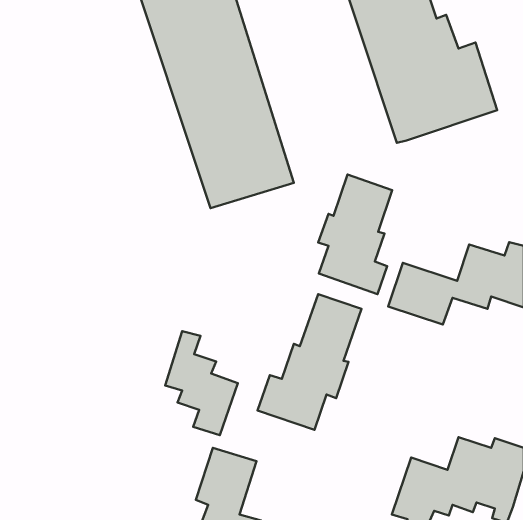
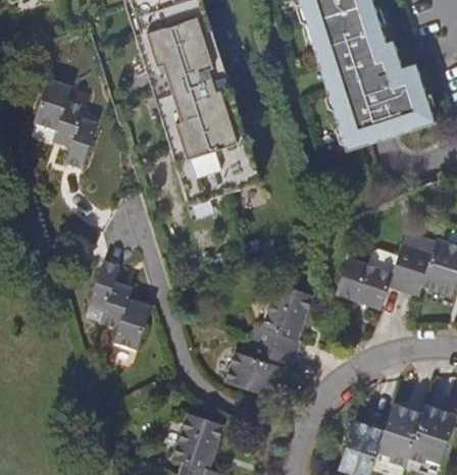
building: none -> [32,76,94,166]
building: [318,174,392,294] -> none
building: [165,331,238,435] -> [94,257,155,345]

